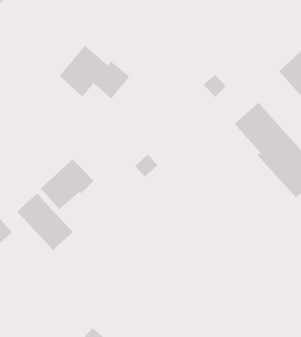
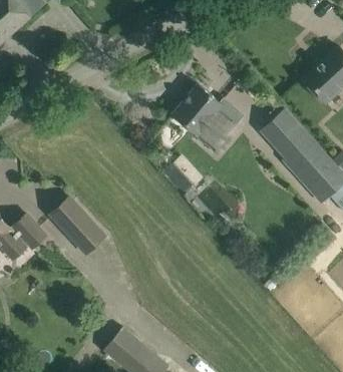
building: [59,45,130,100] -> [173,84,242,137]
building: [40,158,94,210] -> none

